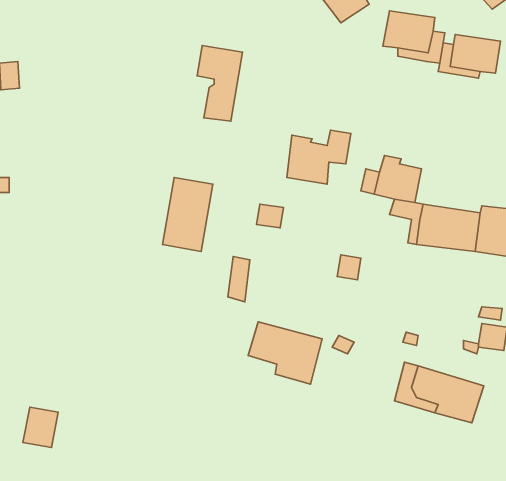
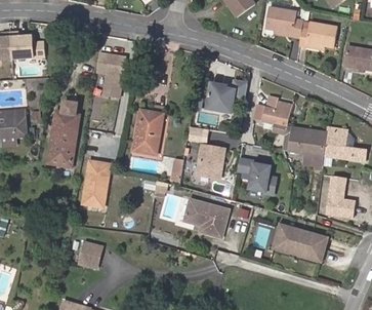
building: [197,45,243,121] -> [95,52,123,99]
building: none -> [47,102,79,166]
building: none -> [200,145,226,178]
building: none -> [251,160,278,193]
building: none -> [81,161,110,206]
building: [23,407,58,448] -> [81,241,102,266]

